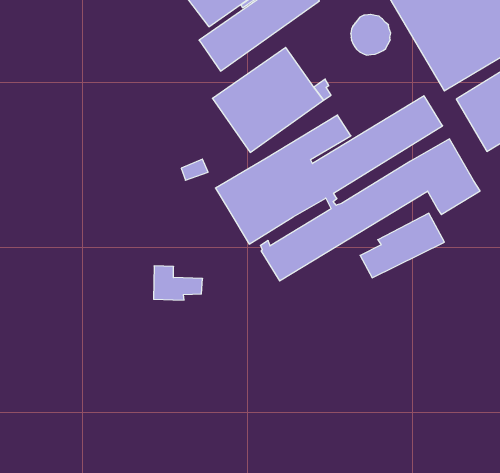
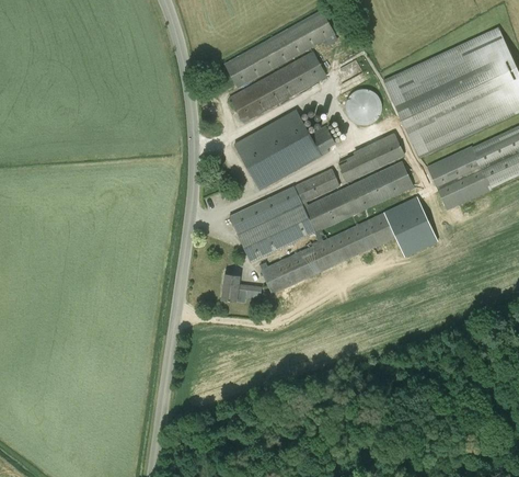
building: [360,213,444,278] -> [337,133,405,179]
building: [154,266,203,300] -> [221,272,262,302]

